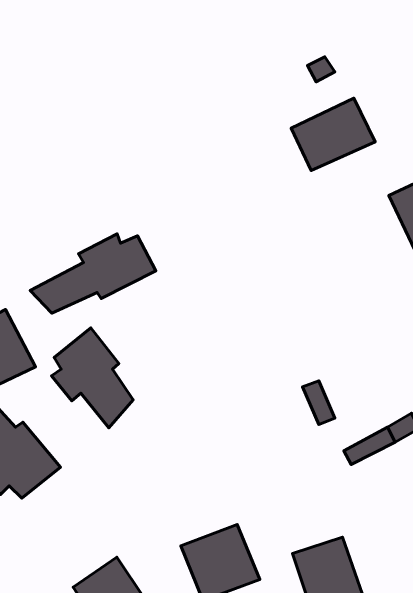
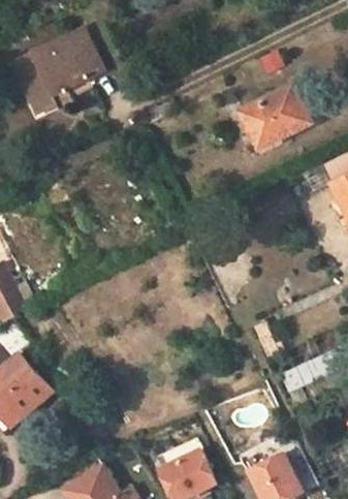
building: none -> [13,30,102,114]
building: [30,234,156,313] -> none
building: [51,328,133,428] -> none

